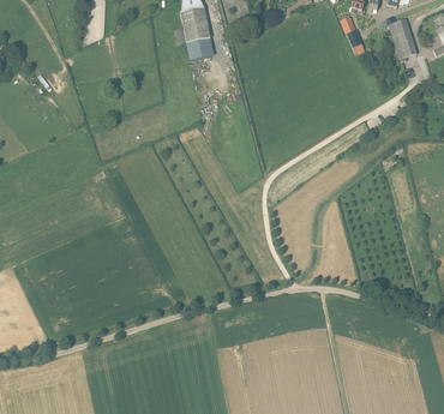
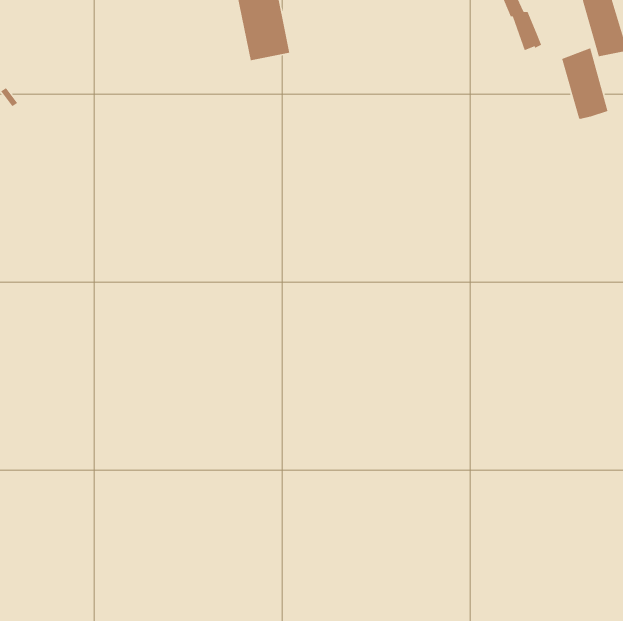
building: none -> [561,47,608,120]

